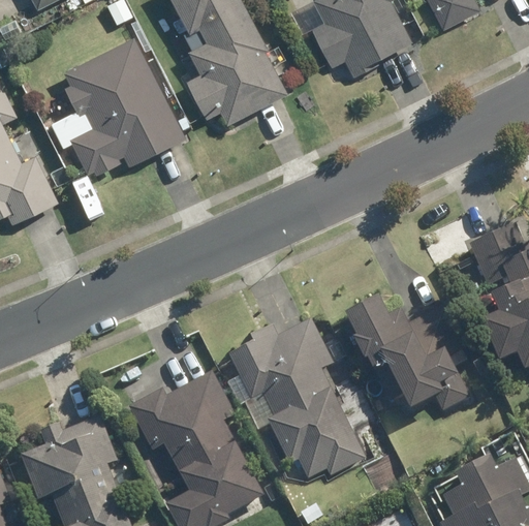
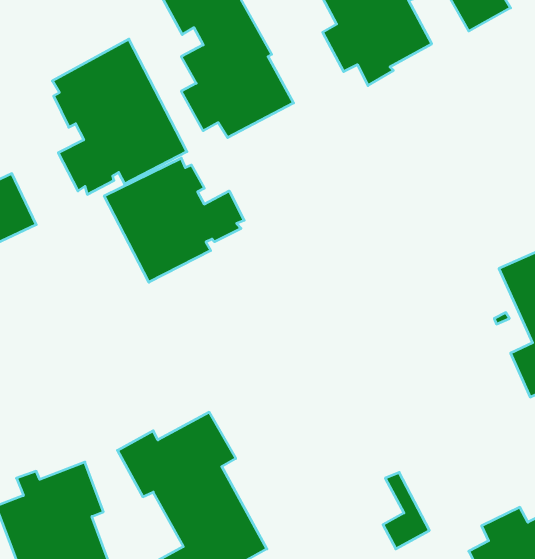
building: none -> [104,158,244,282]
building: [341,292,470,411] -> none
building: [228,319,364,477] -> none

